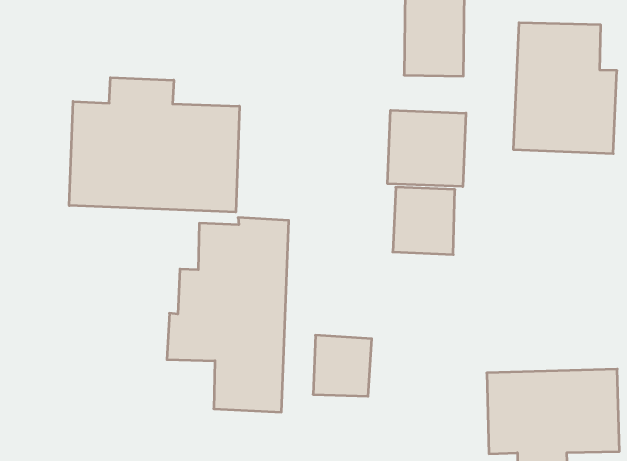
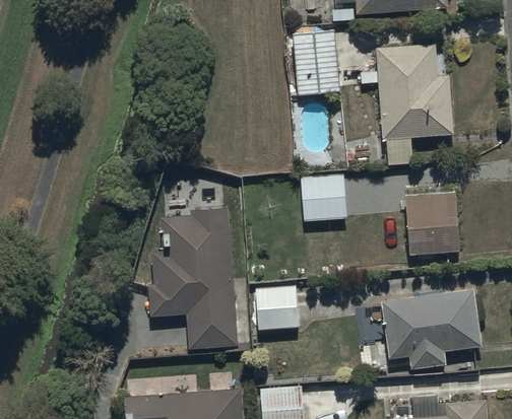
building: [69,78,239,212] -> none
building: [388,110,466,187] -> none
building: none -> [404,191,460,255]

